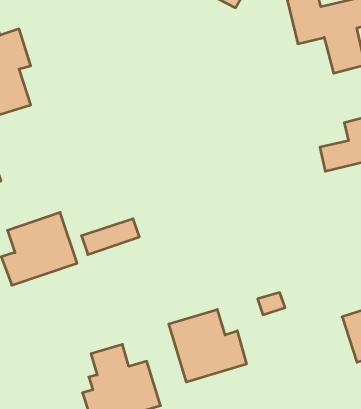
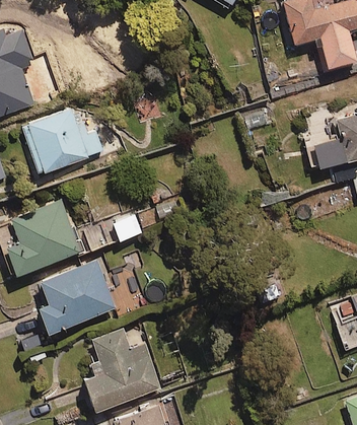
building: none -> [22,109,102,173]
building: none -> [39,265,114,336]
building: [169,309,246,382] -> none

